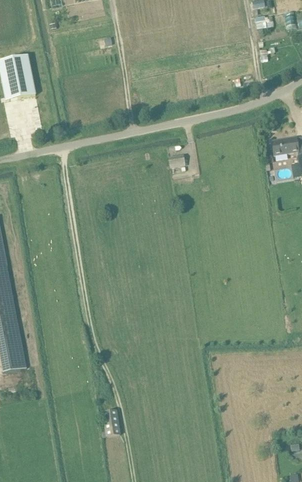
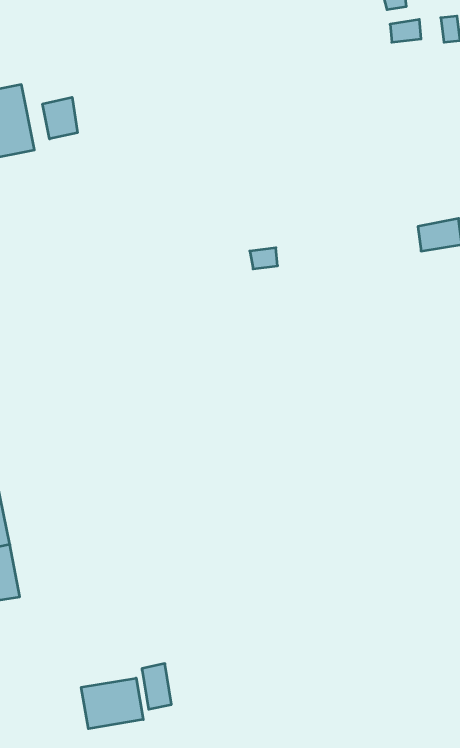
building: none -> [43,97,77,139]
building: none -> [81,678,143,729]

